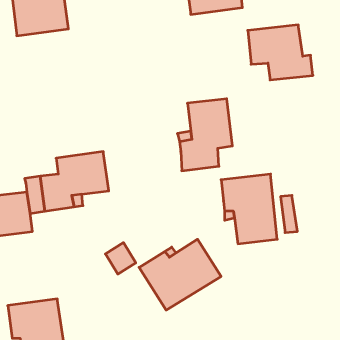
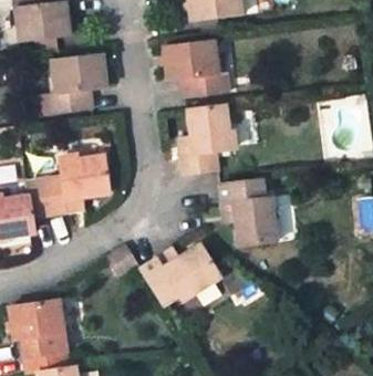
building: [248,25,313,80] -> [164,40,228,94]
building: none -> [49,53,105,113]

